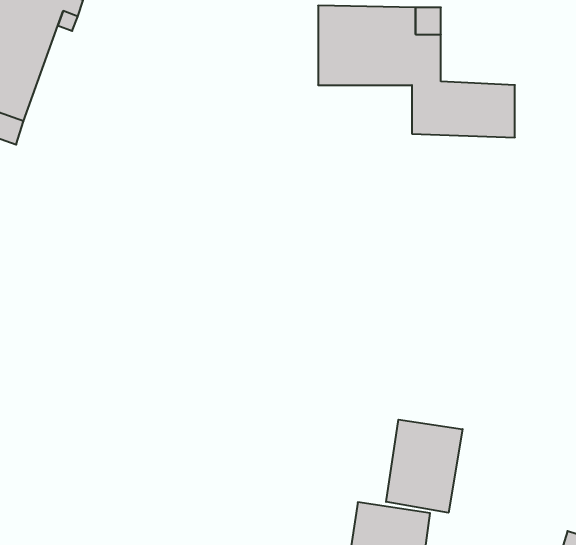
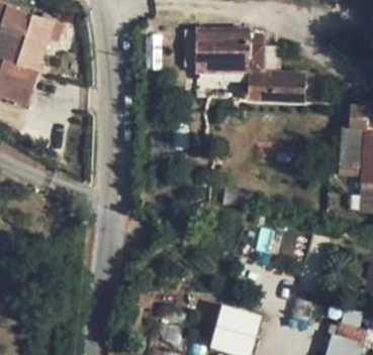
building: [386,420,463,513] -> none

